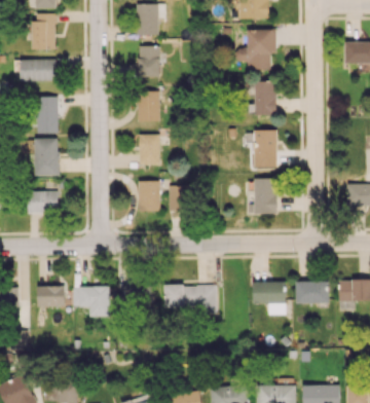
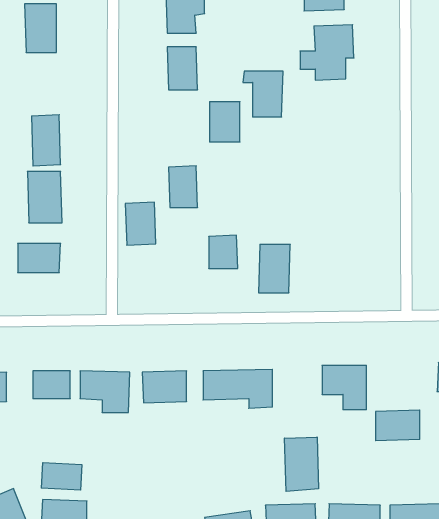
building: [20,59,56,81] -> none
building: [248,81,278,115] -> [243,71,283,117]
building: [138,91,160,121] -> [210,102,240,142]
building: [254,130,278,168] -> none
building: [254,178,278,214] -> [259,244,290,293]
building: [138,180,160,212] -> [125,202,156,245]
building: [296,281,329,303] -> [376,410,420,441]
building: none -> [285,437,318,491]
building: none -> [41,463,82,490]

